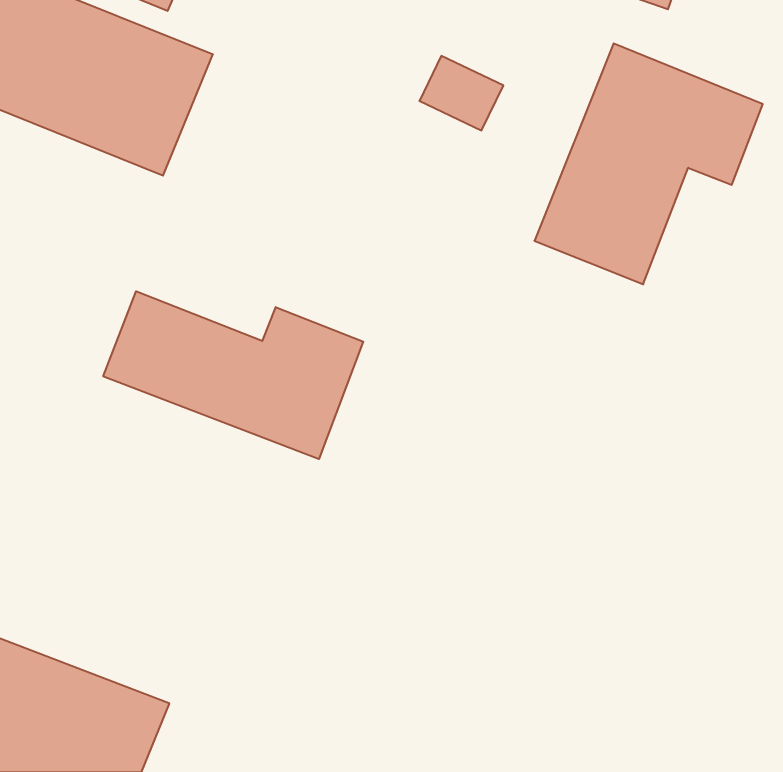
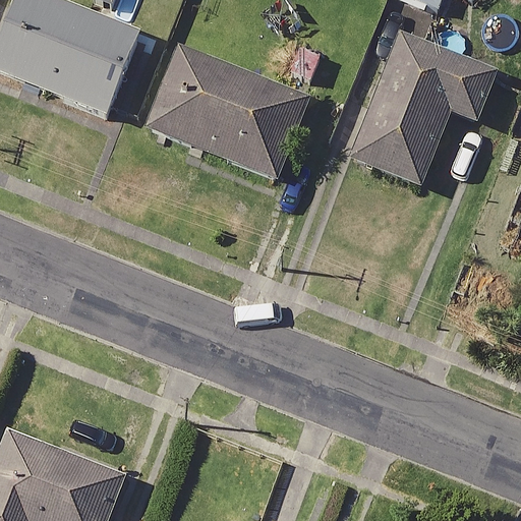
building: none -> [141,43,308,178]
building: [103,291,363,459] -> none

